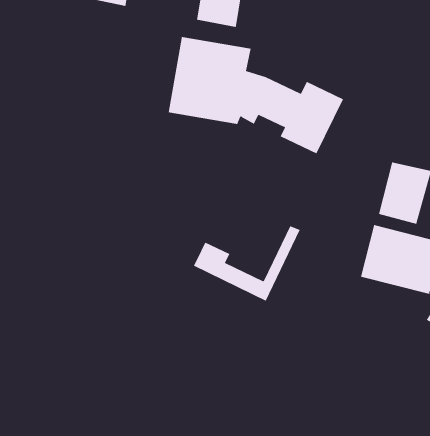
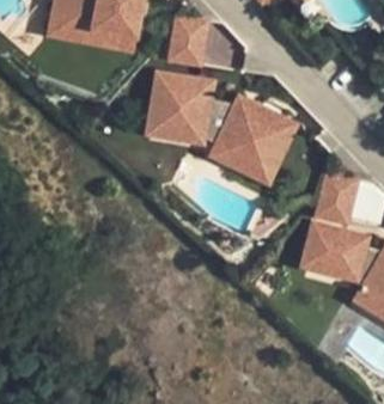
building: [193,225,300,302] -> [211,122,297,183]

